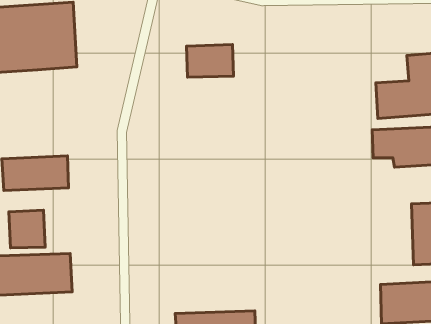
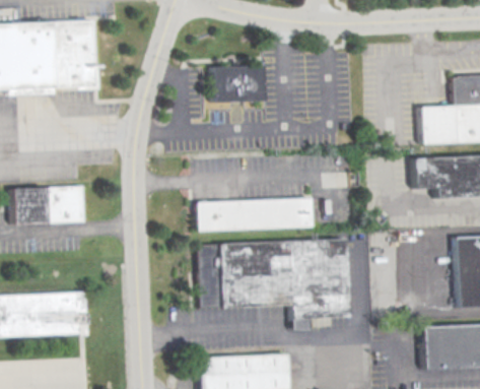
building: none -> [197,197,313,232]
building: none -> [201,240,349,327]
building: [9,210,45,248] -> none

